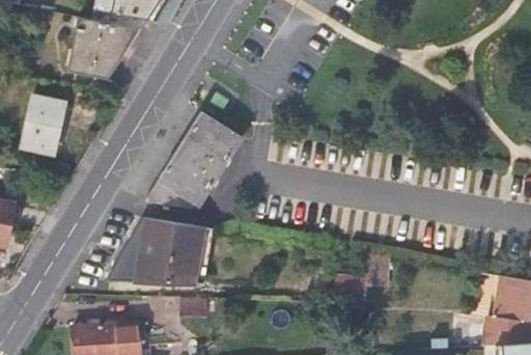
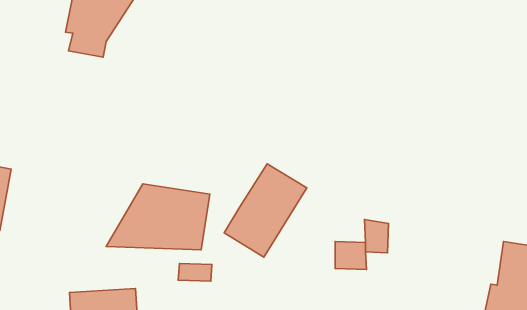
building: [22,95,64,154] -> none
building: [160,114,242,207] -> [224,164,307,257]

